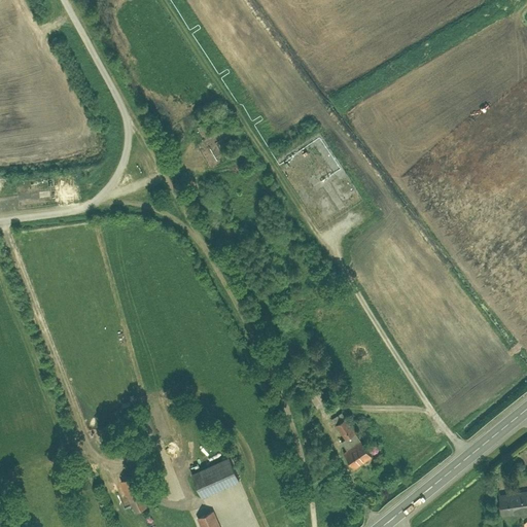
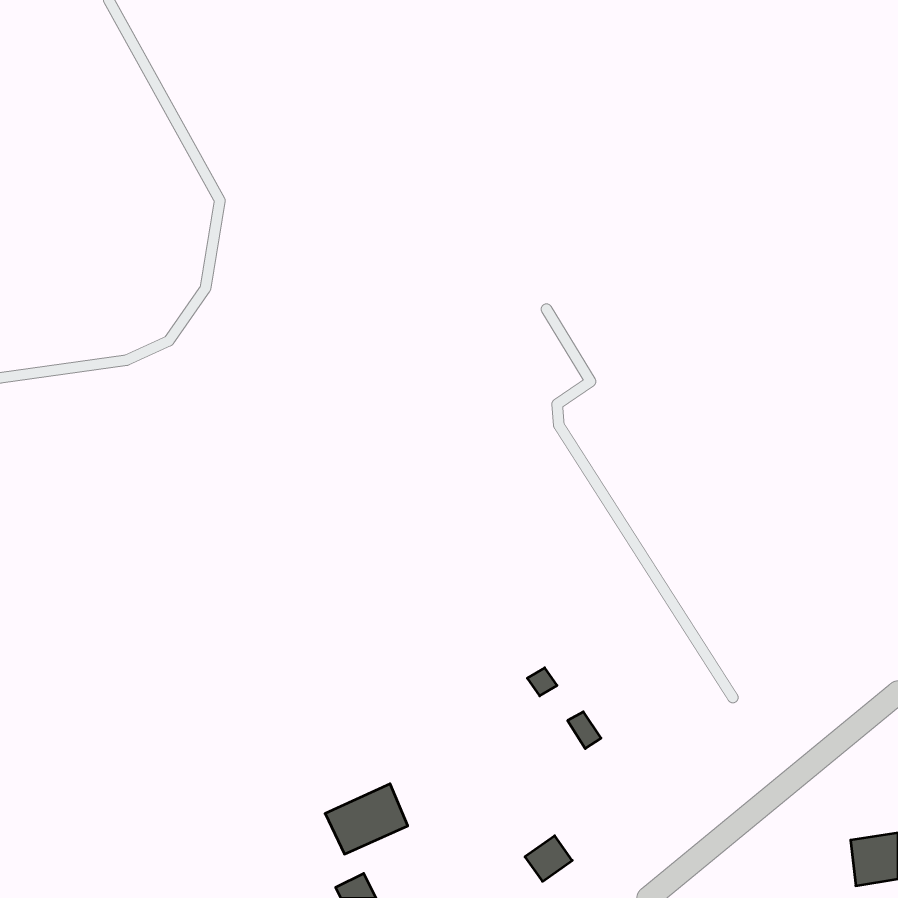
building: [344,444,372,470] -> [525,836,572,881]

